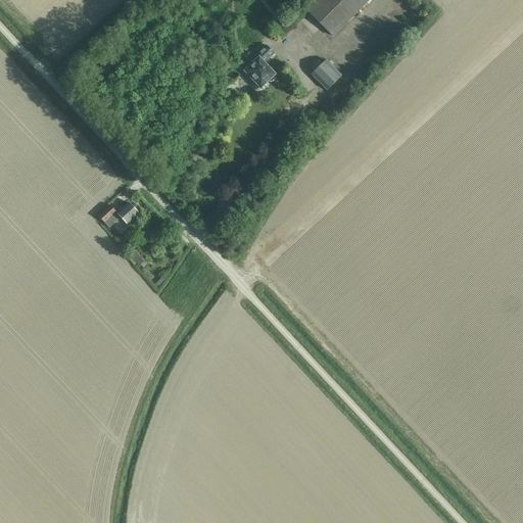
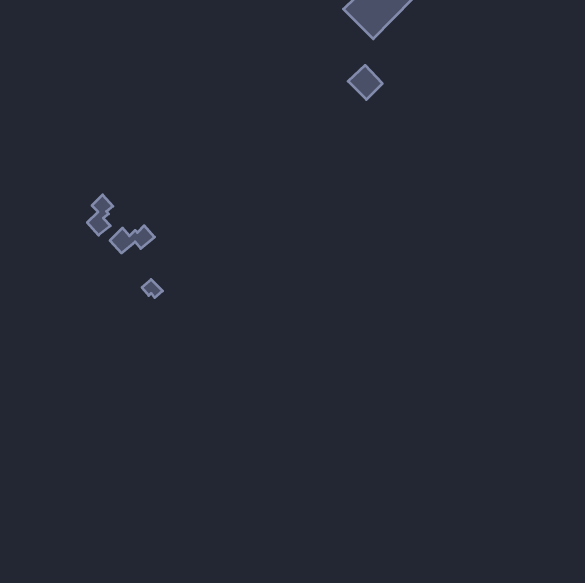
building: [244,44,275,86] -> none
building: none -> [87,195,113,235]

